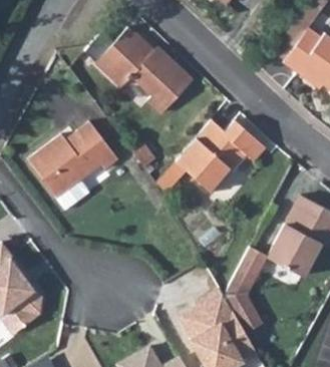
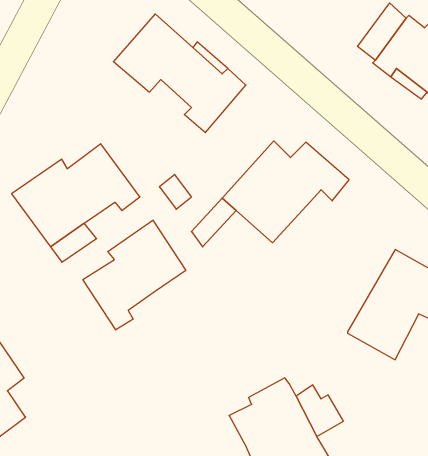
building: none -> [83,220,186,330]
building: [225,247,267,304] -> none

